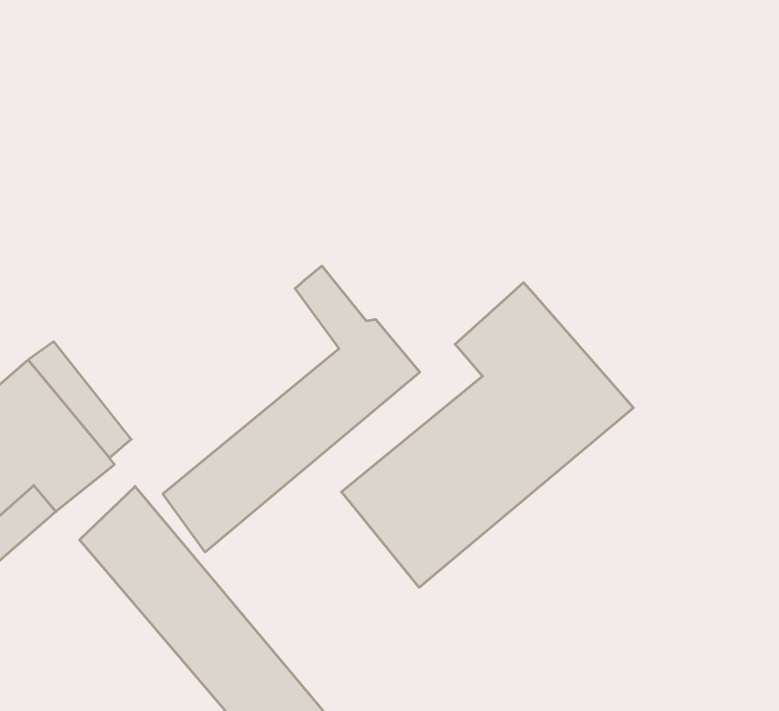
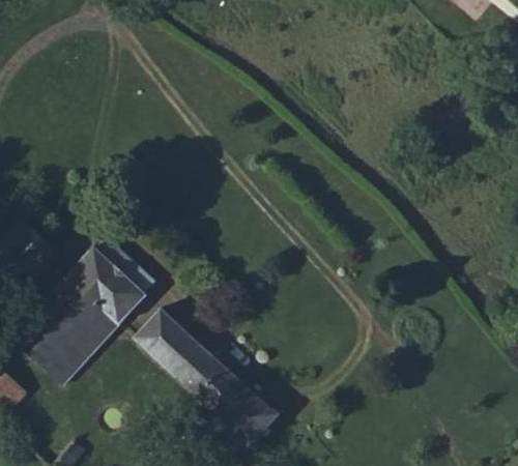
building: [163,266,420,552] -> none
building: [341,283,633,587] -> none

